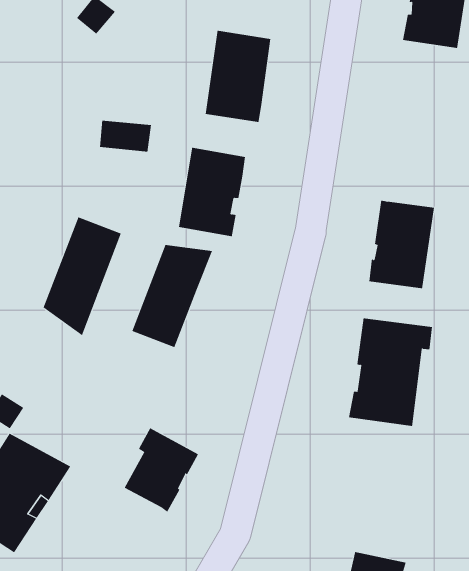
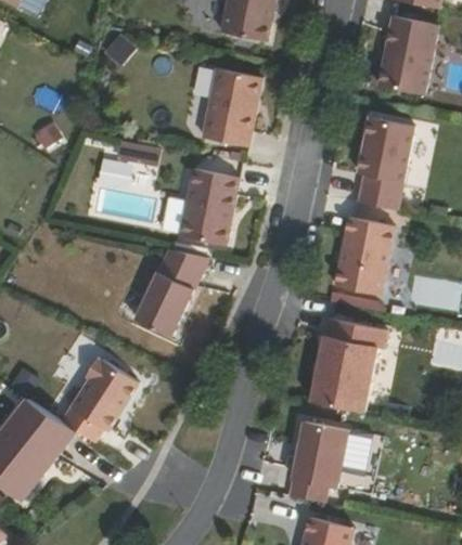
building: none -> [356,118,412,212]
building: [43,217,122,336] -> none
building: [124,428,199,512] -> [69,356,134,429]
building: none -> [292,421,349,502]

